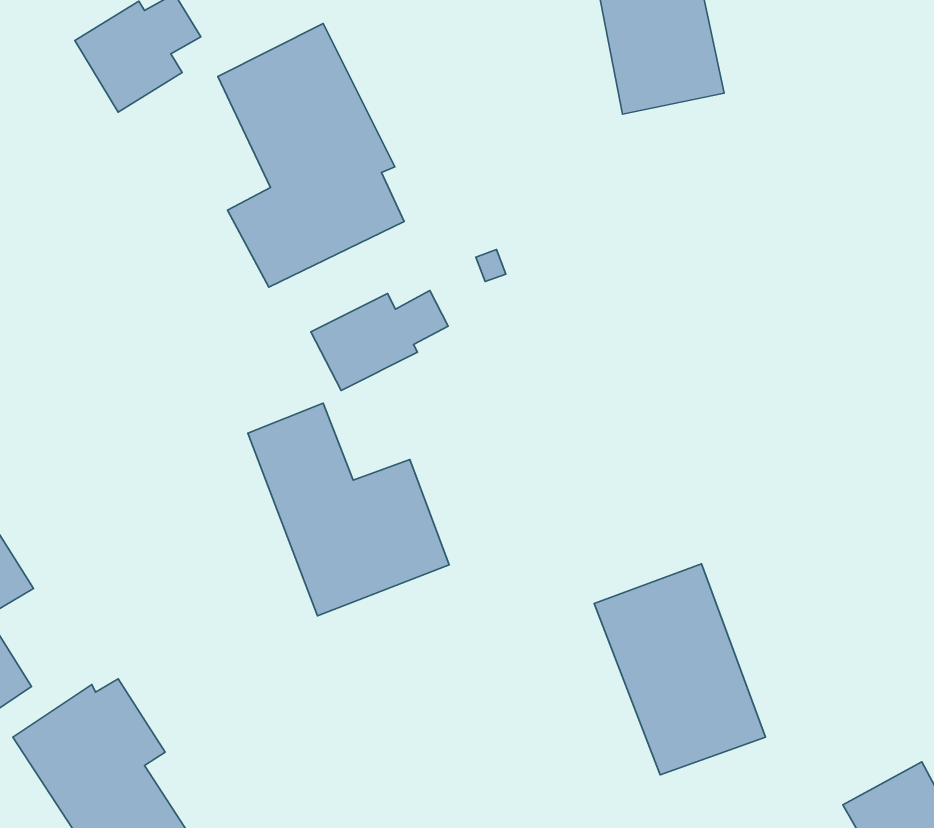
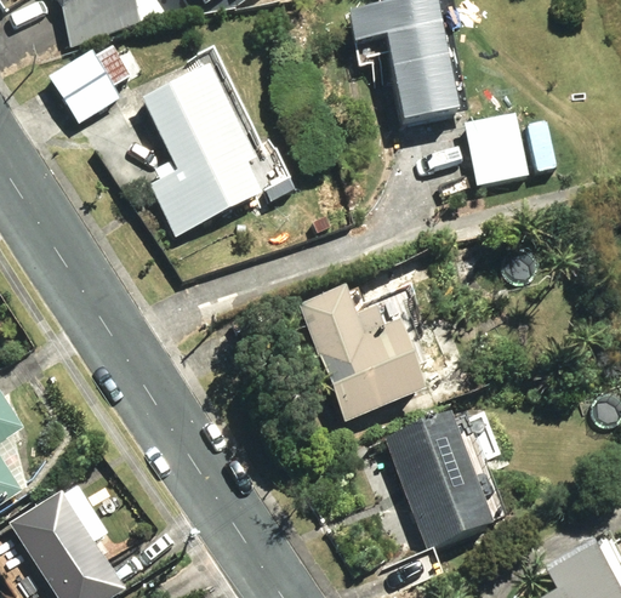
building: none -> [465,109,529,183]
building: [311,290,448,391] -> none
building: [248,403,449,616] -> [298,284,428,421]

